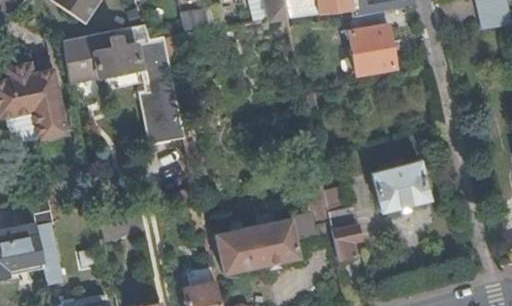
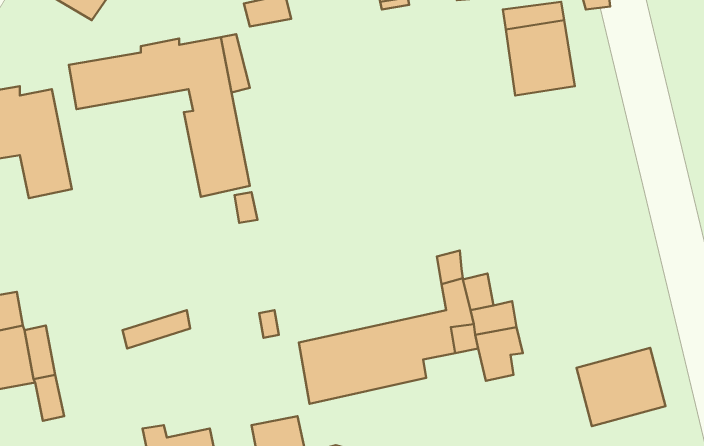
building: [371,160,429,211] -> [577,348,666,426]

